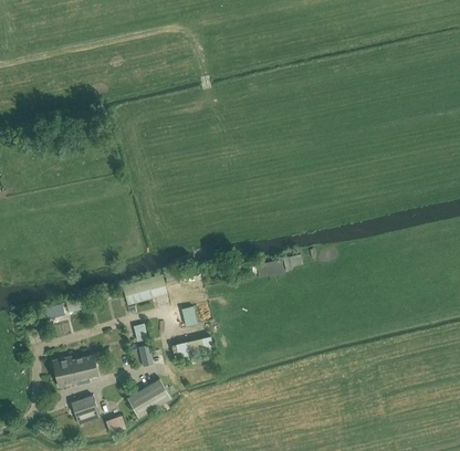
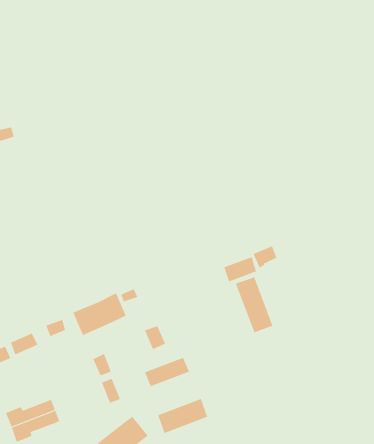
building: none -> [235,276,273,333]
building: none -> [157,398,208,434]

